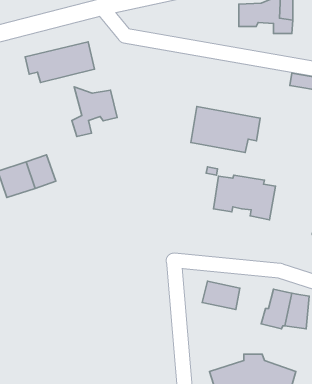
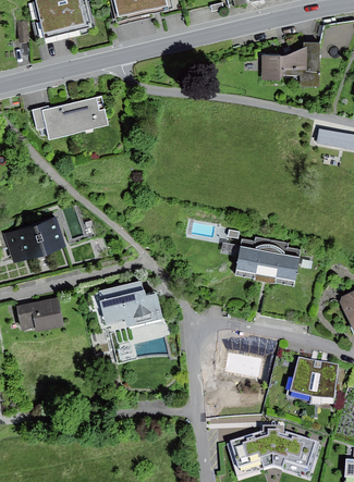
building: [72,87,117,137] -> none
building: [191,107,260,152] -> none
building: none -> [97,279,162,325]
building: none -> [15,296,64,330]

